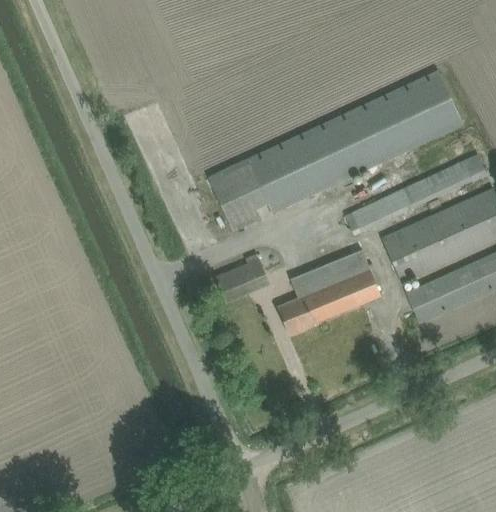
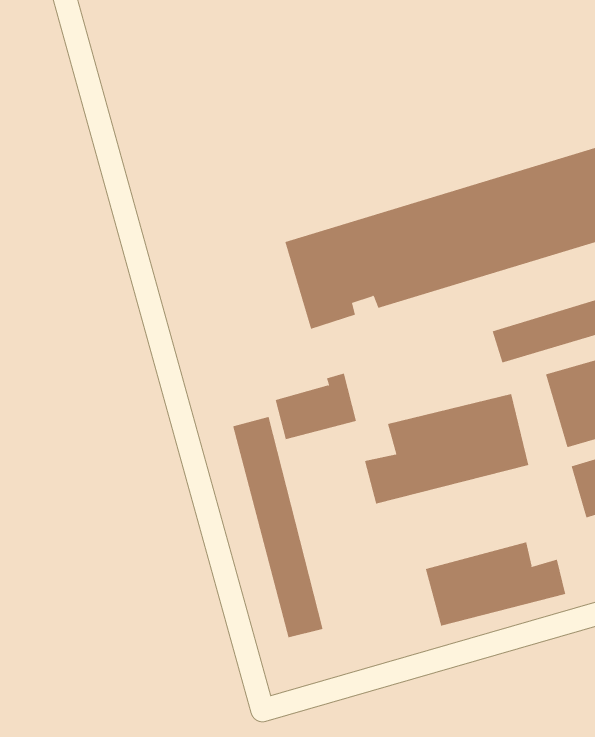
building: none -> [232,416,323,638]
building: none -> [425,541,566,626]

